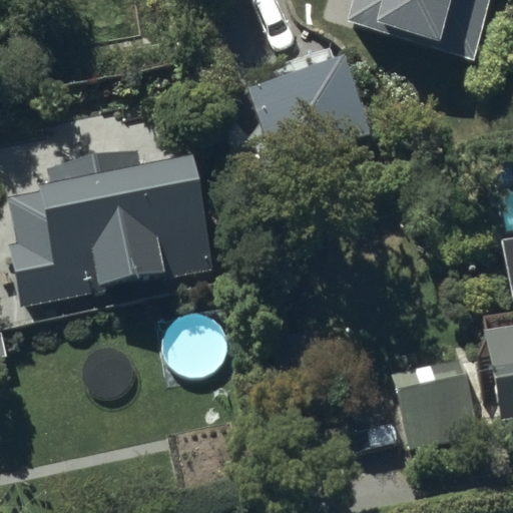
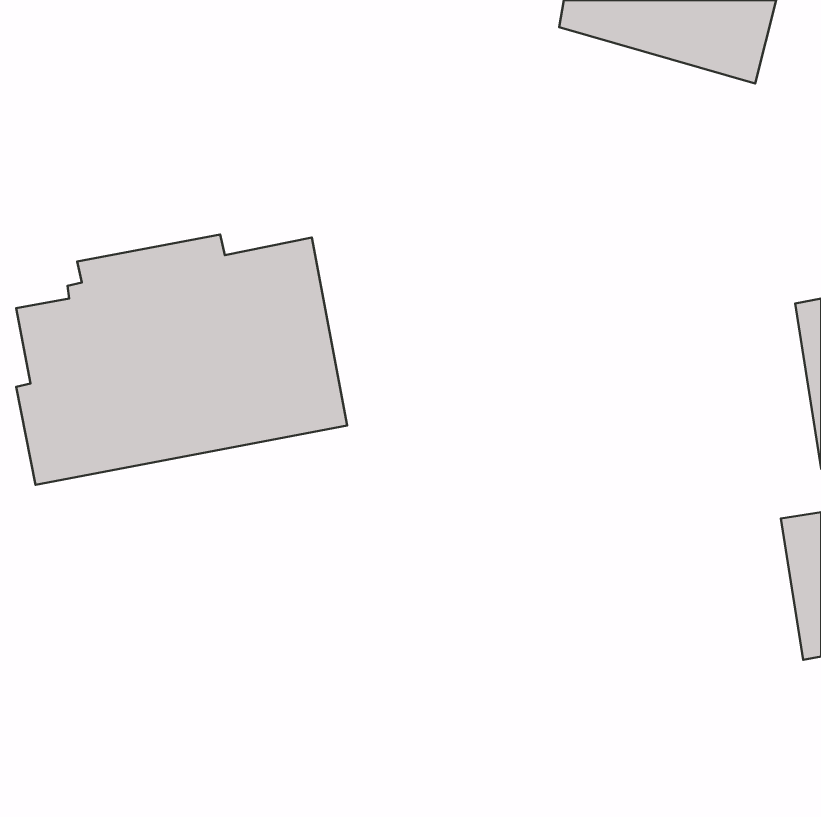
building: [247,49,372,161] -> none
building: [396,362,474,455] -> none

